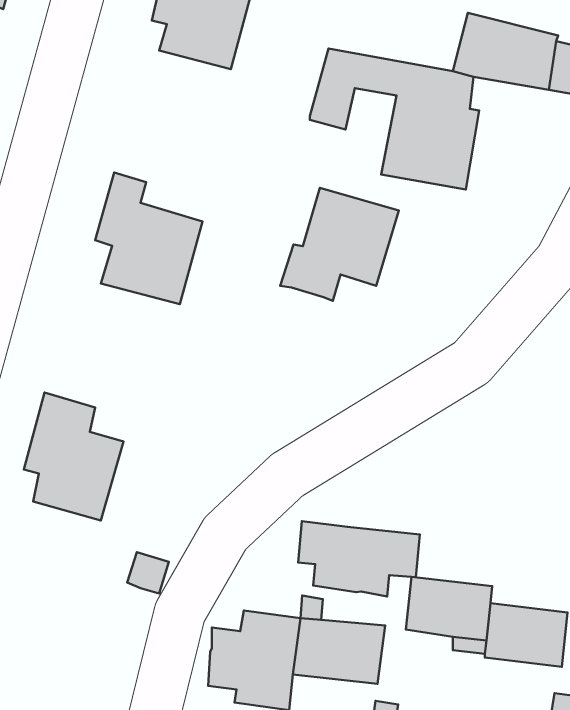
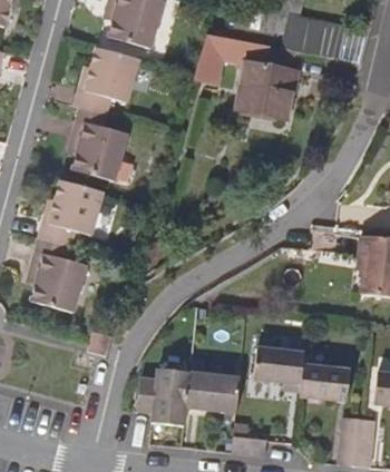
building: [280,188,399,301] -> [74,49,144,116]
building: none -> [39,179,103,247]
building: [298,521,420,596] -> none

